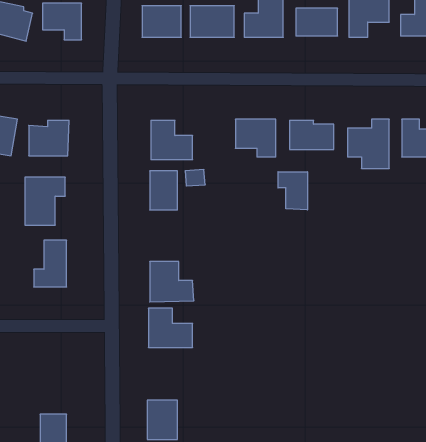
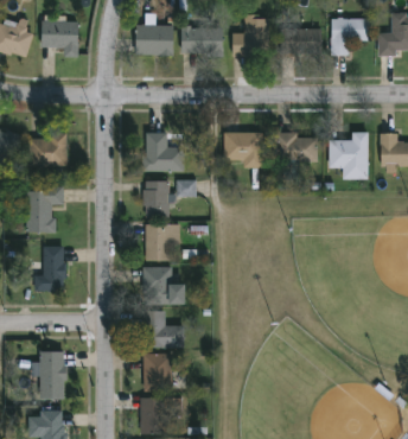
building: [278,172,307,210] -> none
building: none -> [144,224,178,259]
building: none -> [38,350,64,397]
building: none -> [144,352,171,390]

